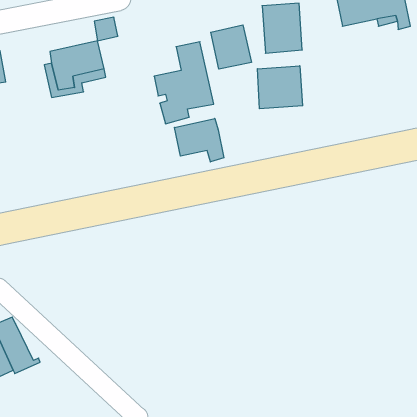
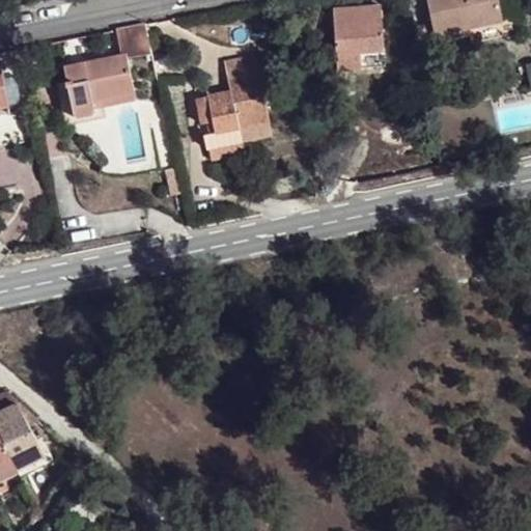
building: [211,25,251,69] -> none
building: [257,66,303,109] -> none
building: [174,118,224,162] -> none

